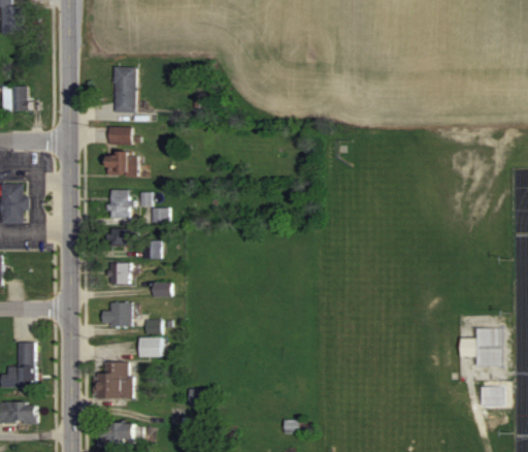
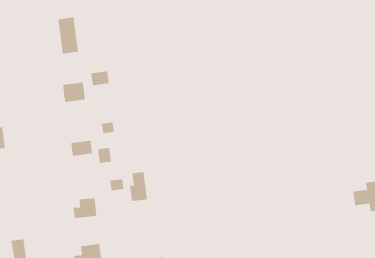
building: [108,128,131,144] -> [90,71,110,86]
building: [110,190,128,218] -> none
building: [109,262,129,284] -> none
building: [139,320,161,356] -> [129,171,148,202]

